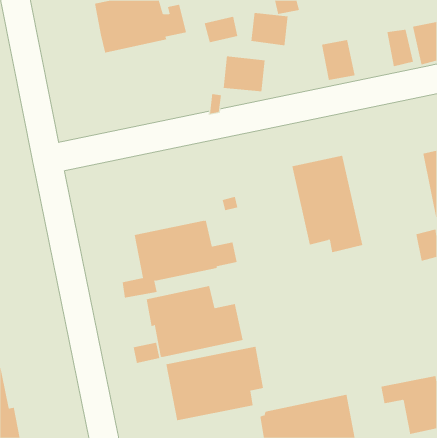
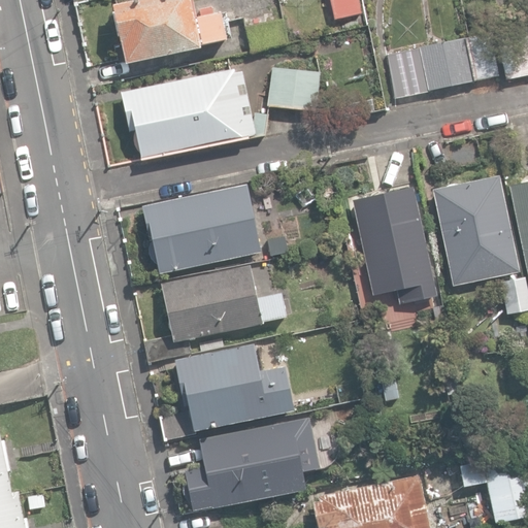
building: [251,12,288,46] -> none
building: none -> [419,38,473,91]
building: none -> [120,68,248,160]
building: none -> [433,174,519,285]
building: none -> [142,185,261,273]

